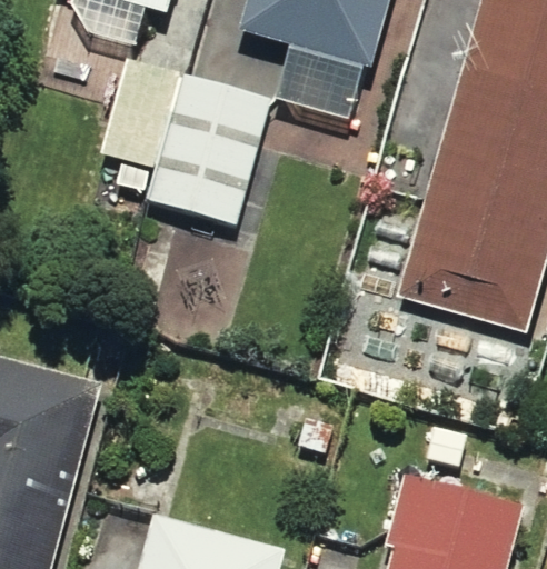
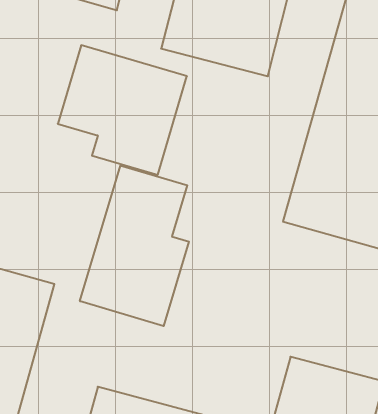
building: none -> [80,166,189,326]

